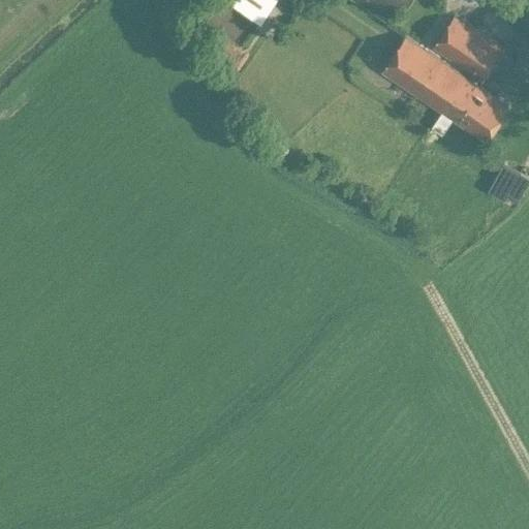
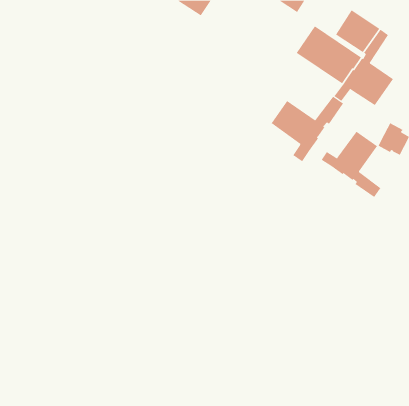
building: none -> [271,96,344,162]
building: none -> [321,131,381,198]

